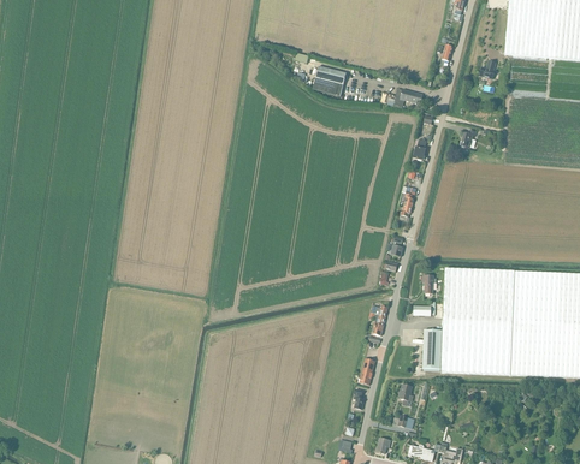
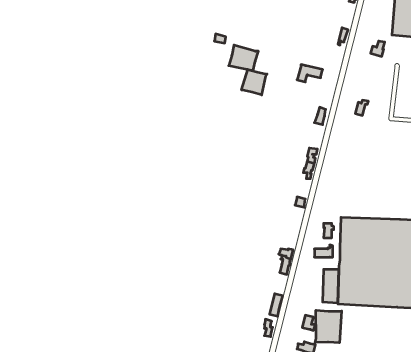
building: none -> [242,69,267,95]
building: none -> [315,310,342,343]

